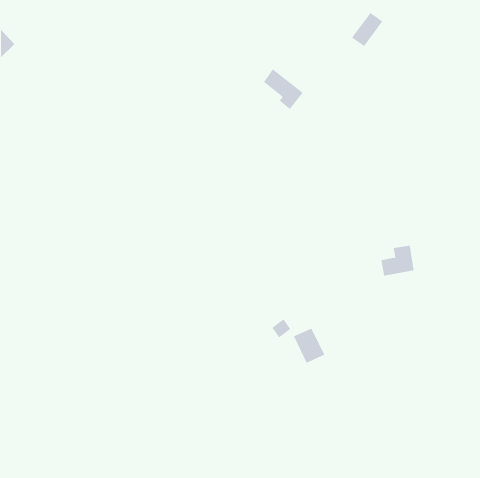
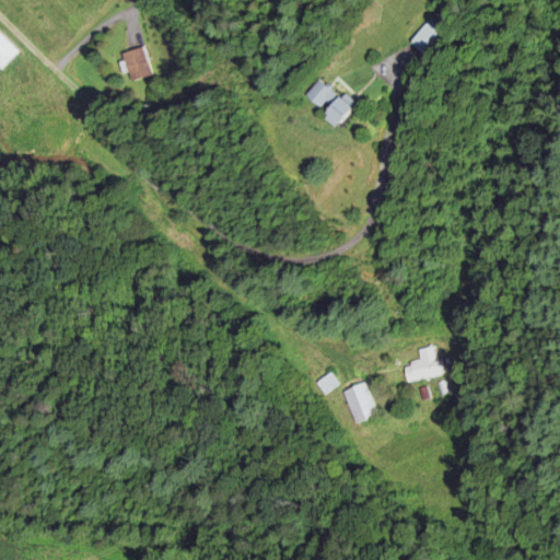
building: none -> [122,45,152,80]
building: [381,245,414,276] -> [404,346,443,382]

